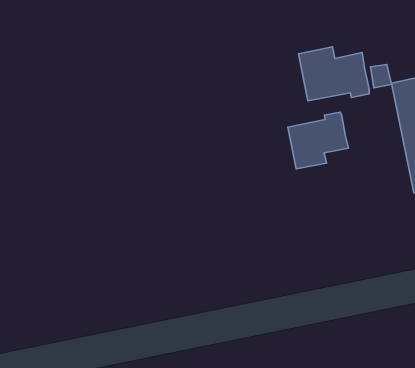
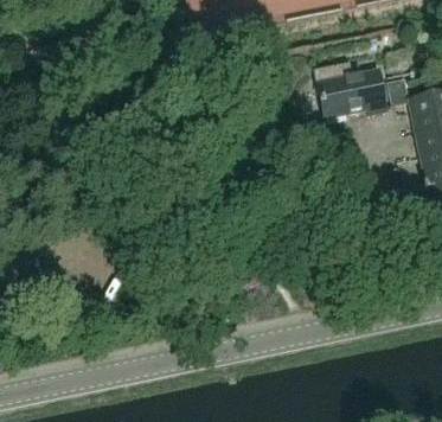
building: [288,112,348,169] -> none

